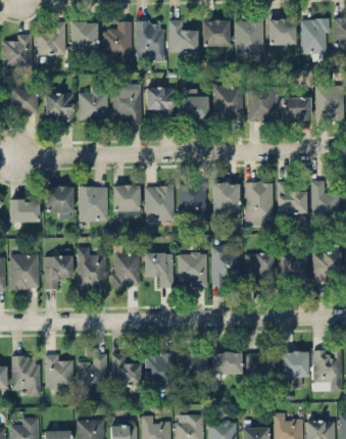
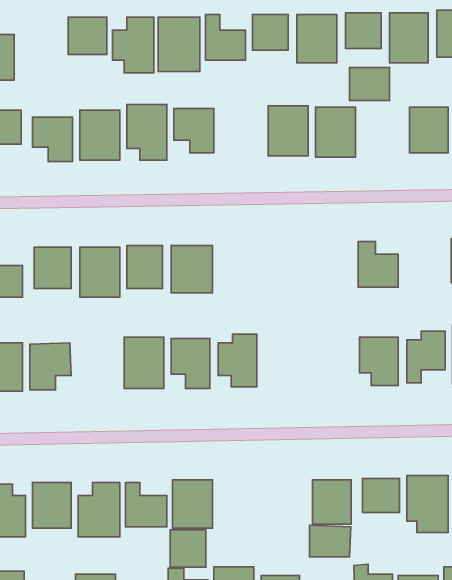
building: [38,21,66,54] -> none
building: [182,90,208,123] -> none
building: [282,97,310,120] -> [350,68,390,100]
building: [212,182,239,209] -> none
building: [245,182,274,225] -> none
building: [312,182,340,222] -> none
building: [179,183,206,218] -> none
building: [211,245,241,284] -> none
building: [78,246,106,288] -> none
building: [245,253,274,284] -> none
building: [212,351,242,374] -> [309,525,351,557]
building: [181,352,206,379] -> [170,530,206,567]

